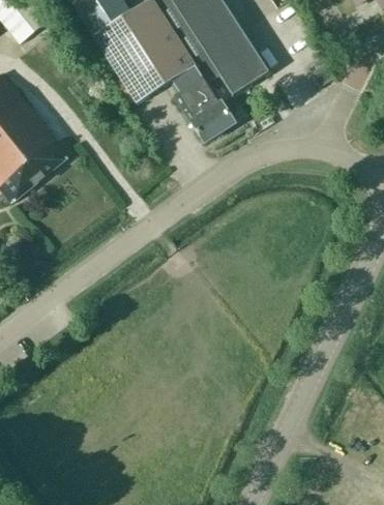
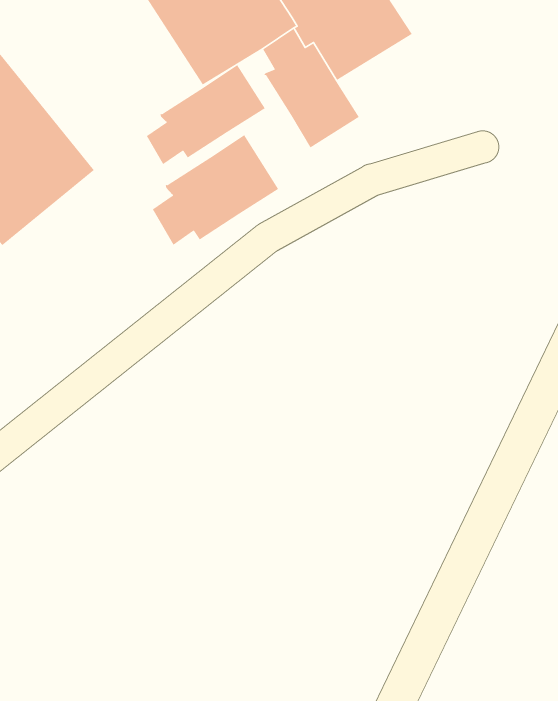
building: none -> [146,64,266,165]
building: none -> [152,134,279,246]

